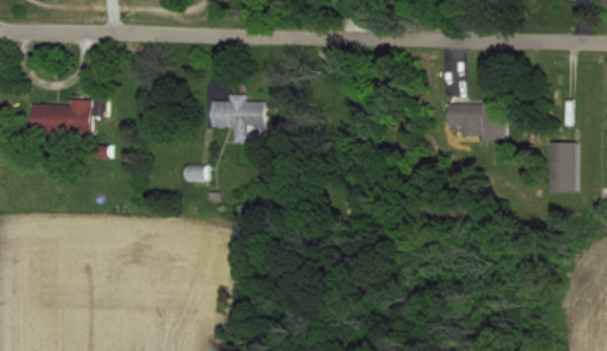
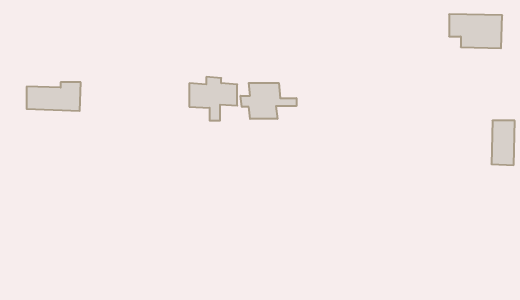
building: none -> [241,83,296,119]
building: [446,102,505,140] -> [449,14,502,48]

